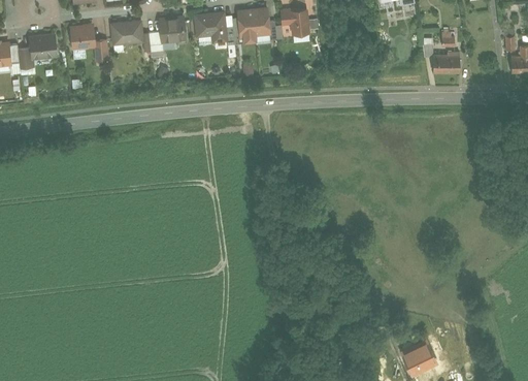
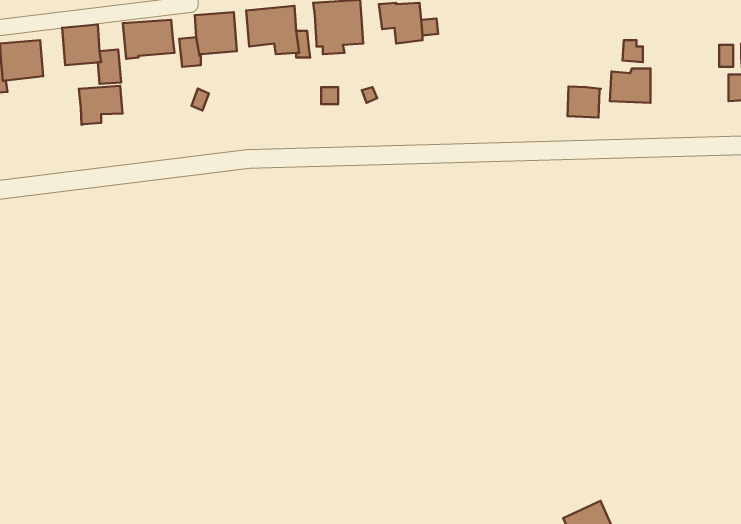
building: none -> [79,86,122,125]
building: none -> [567,87,601,117]

